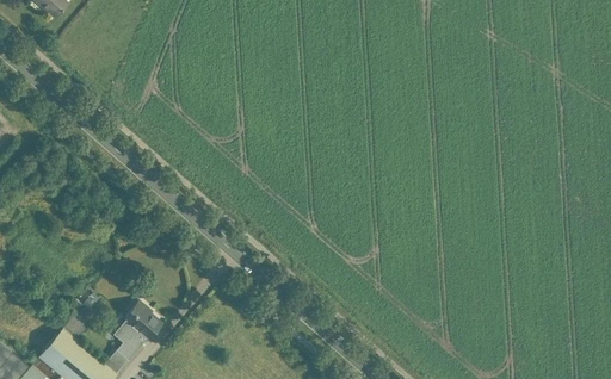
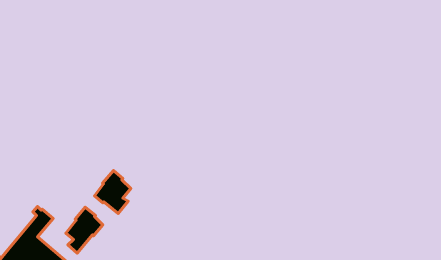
building: none -> [94,171,131,214]

